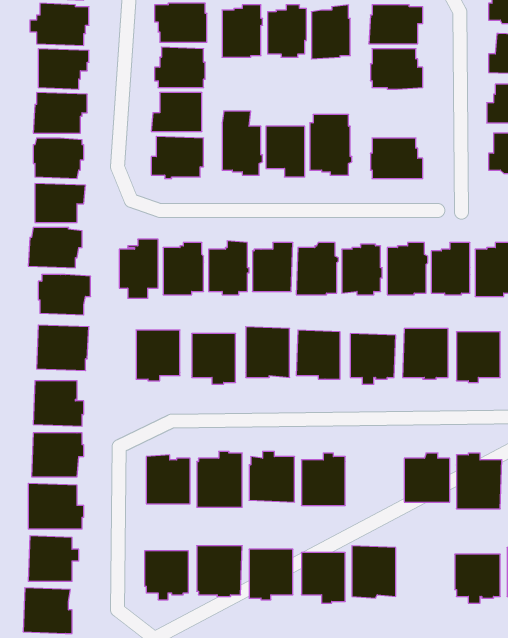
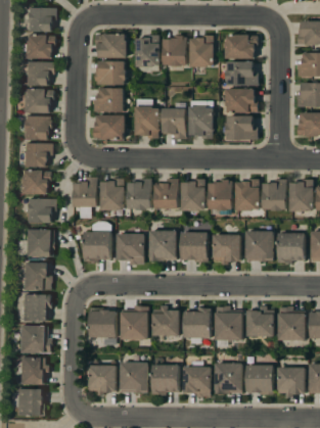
building: none -> [226,89,258,112]
building: none -> [216,305,242,340]
building: none -> [246,365,273,394]

